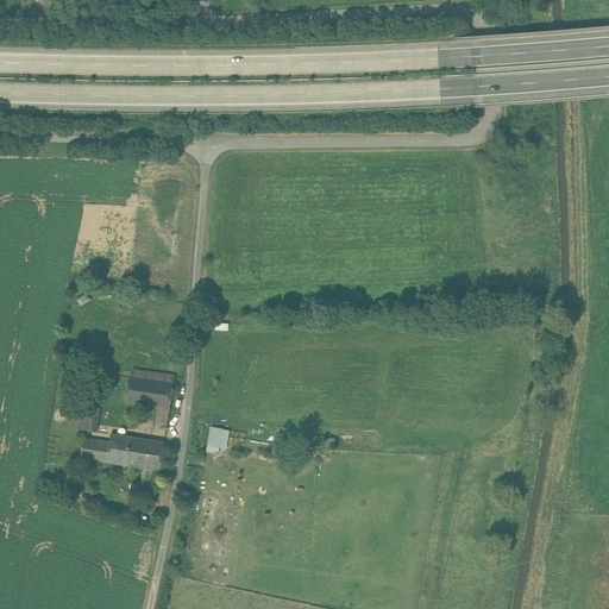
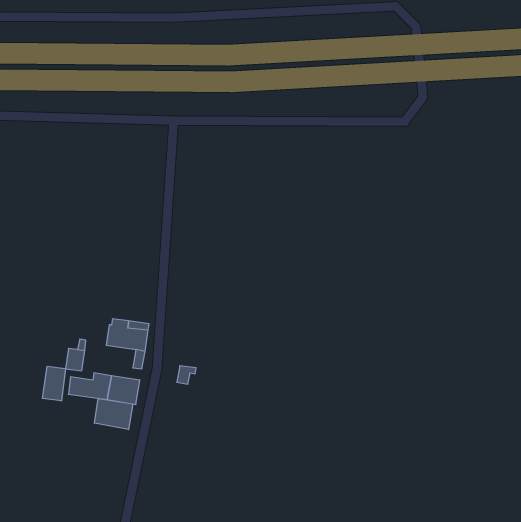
building: none -> [42,366,65,401]
building: none -> [94,399,133,430]

